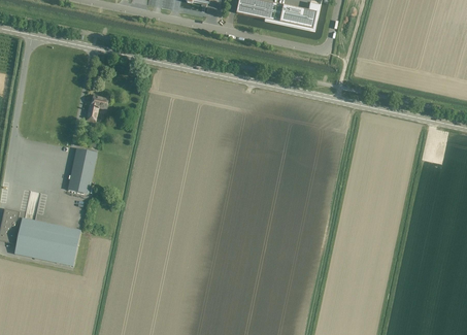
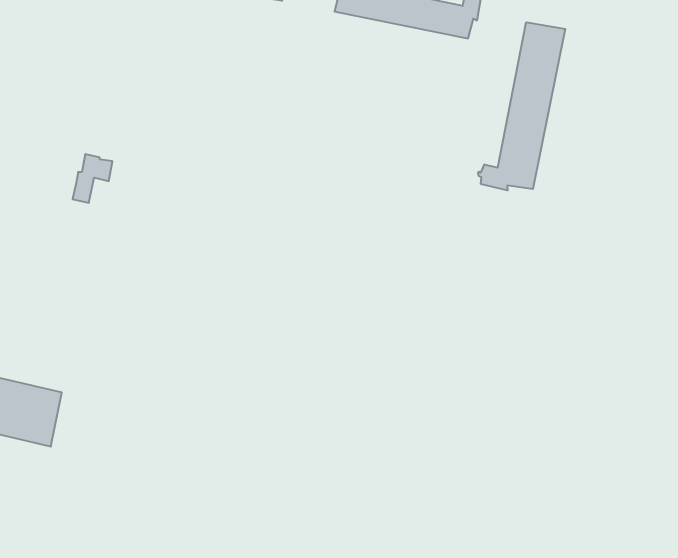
building: none -> [478,22,565,190]
building: [67,147,96,192] -> none

